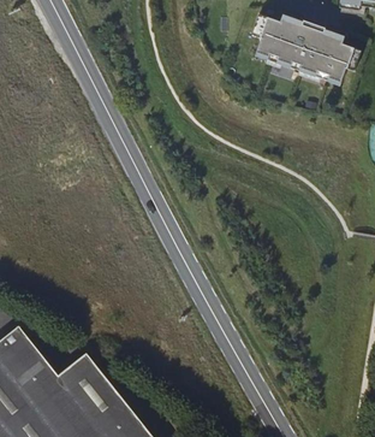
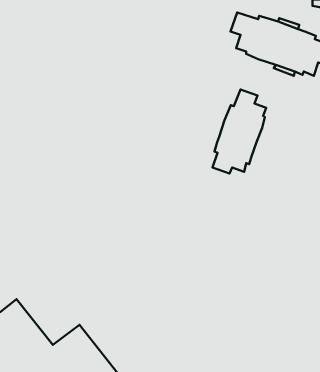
building: none -> [212,89,266,174]

